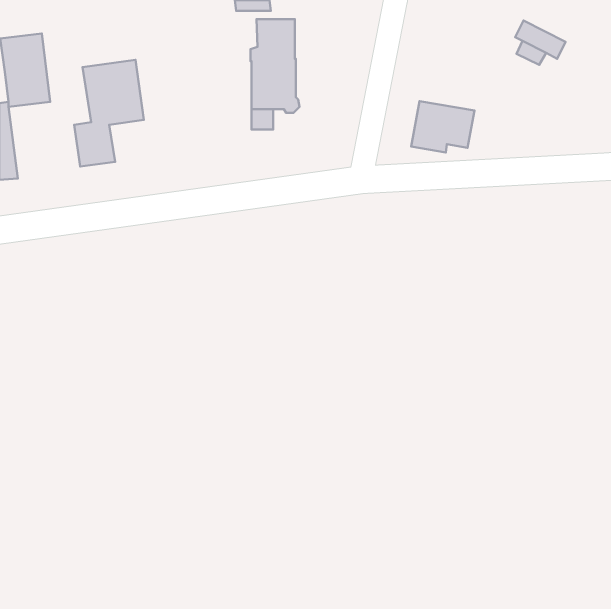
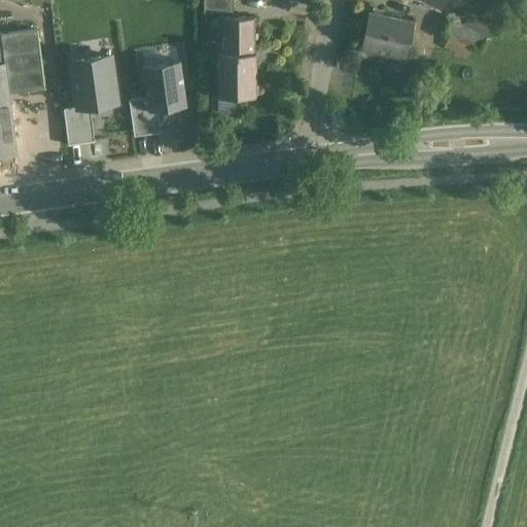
building: none -> [132,63,182,135]
building: [411,101,475,153] -> [358,12,413,57]

